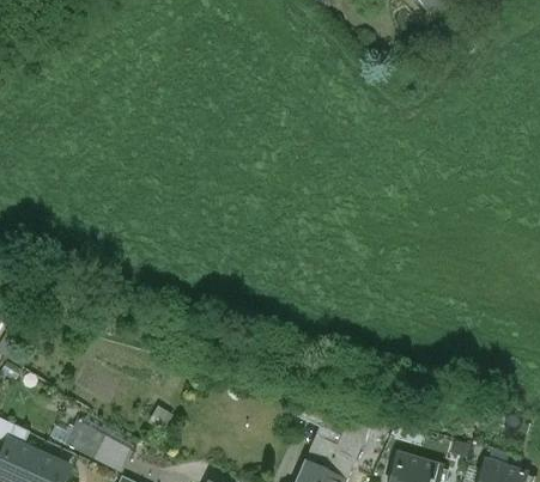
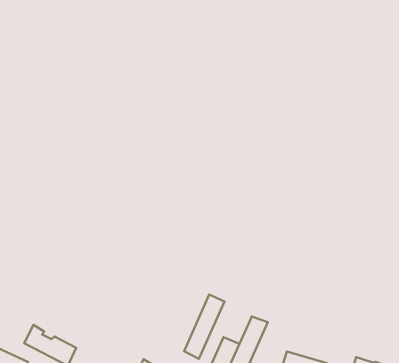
building: none -> [184,294,224,359]

